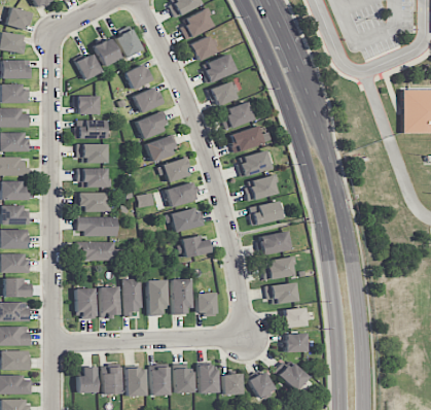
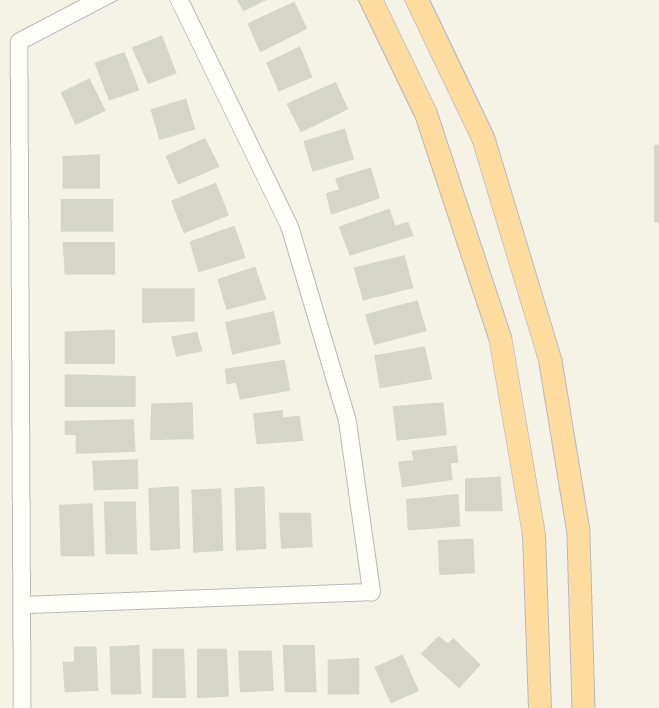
building: [79,168,109,187] -> [141,288,195,323]
building: none -> [150,402,194,441]
building: none -> [91,459,139,491]
building: [286,332,308,351] -> [464,476,503,512]

